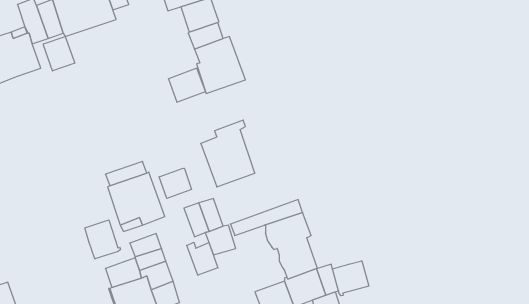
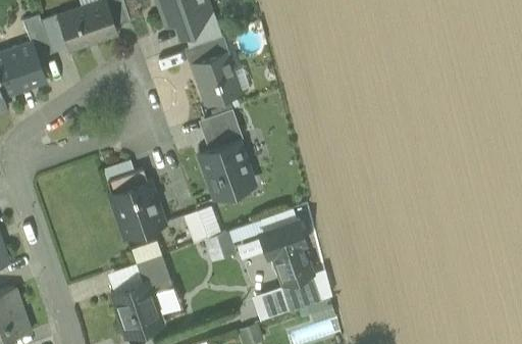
building: [43,36,75,71] -> none
building: [168,68,205,102] -> [205,110,241,143]
building: [159,168,191,198] -> none
building: [85,220,120,259] -> none
building: [187,242,218,275] -> none
building: [333,261,369,296] -> none

